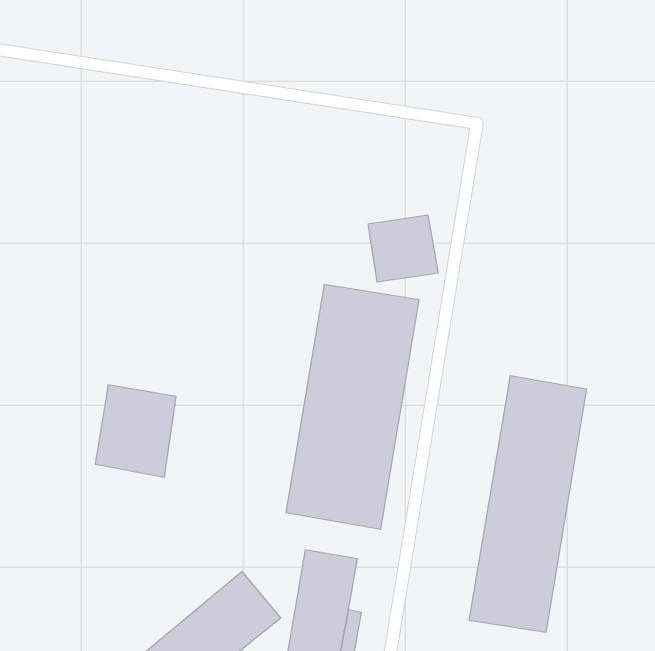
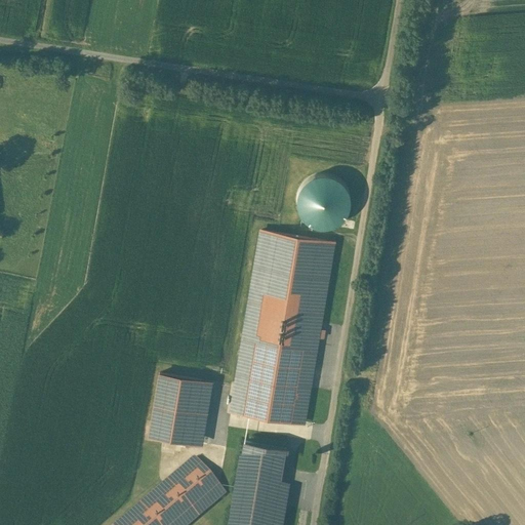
building: [469,375,586,632] -> none
building: [95,385,176,477] -> [148,373,212,447]

